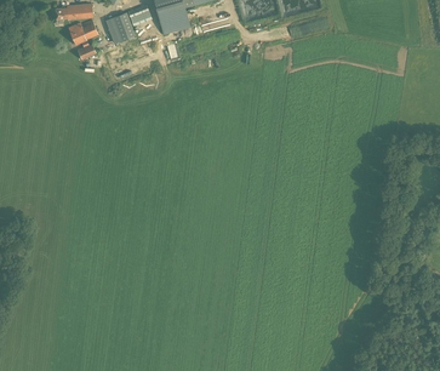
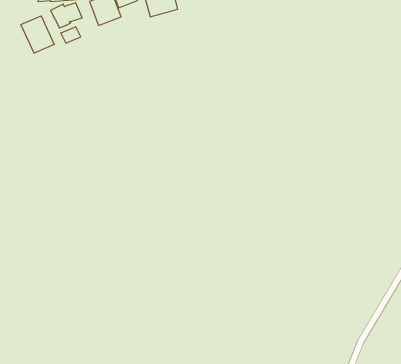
building: none -> [21,16,54,53]

